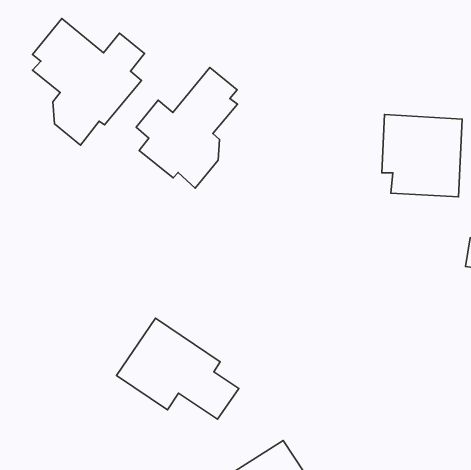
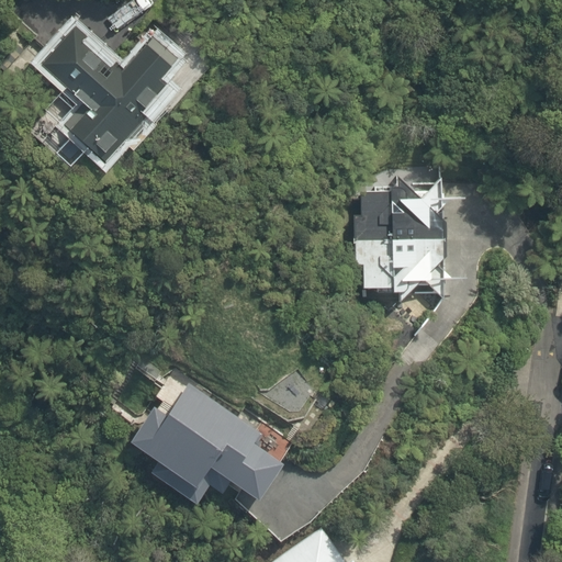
building: [136,67,237,188] -> none
building: [382,115,462,197] -> [346,192,441,290]

